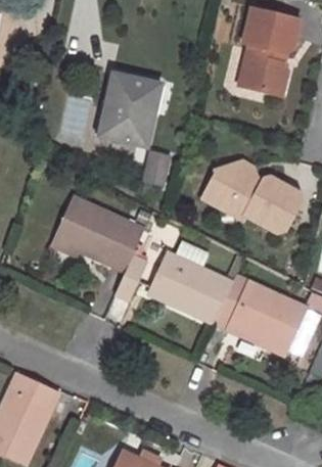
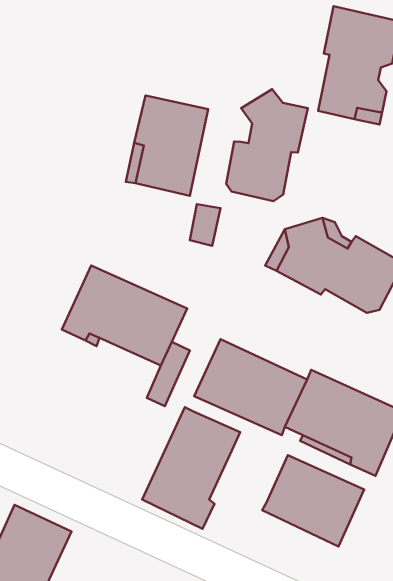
building: none -> [226,89,308,201]
building: none -> [142,407,240,529]
building: none -> [262,455,364,546]

